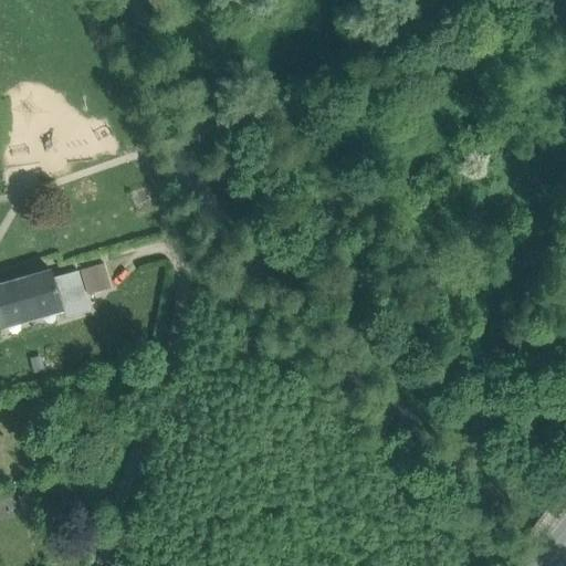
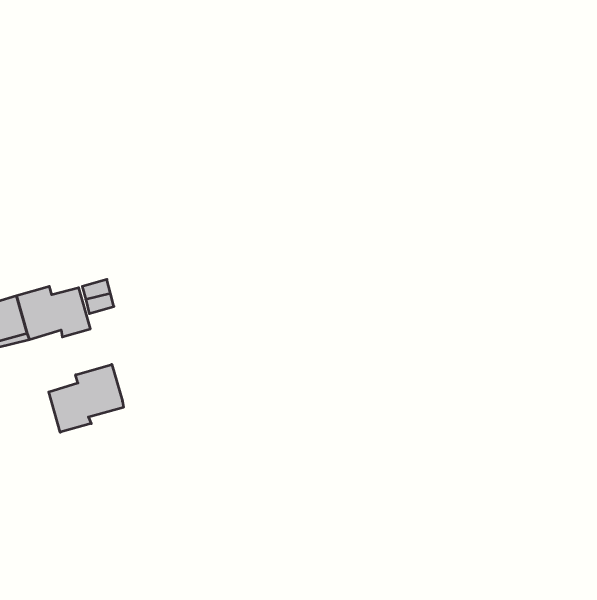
building: none -> [49,364,123,432]

